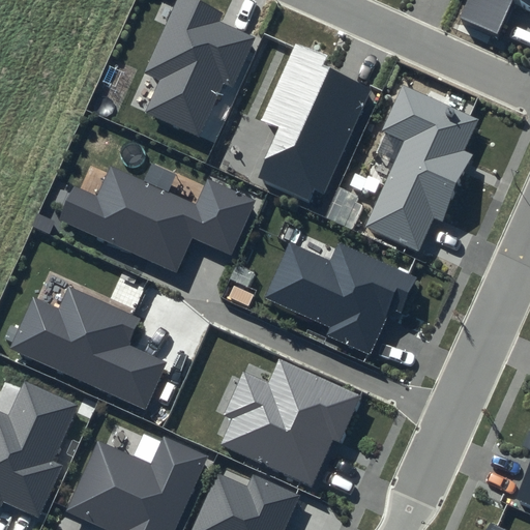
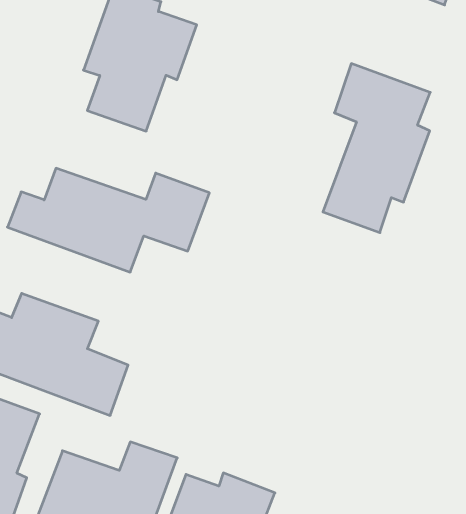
building: [258,43,372,201] -> none
building: [265,242,417,355] -> none
building: [219,361,361,488] -> none

